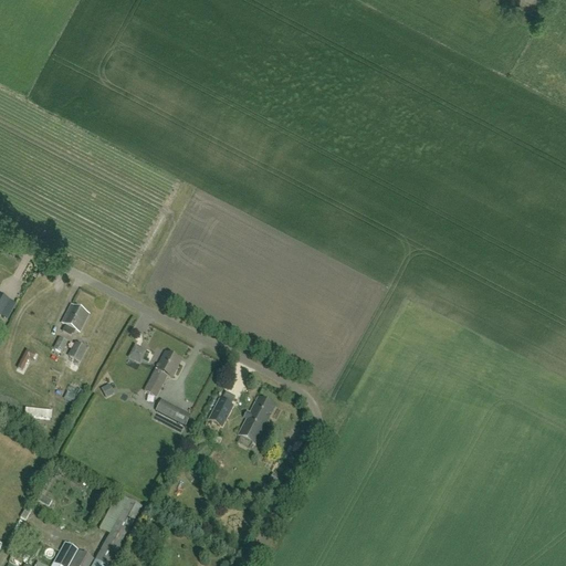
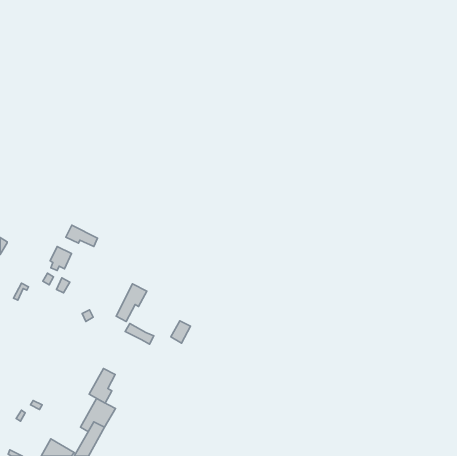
building: none -> [66,225,98,247]
building: [238,396,275,443] -> none
building: none -> [89,369,115,403]

